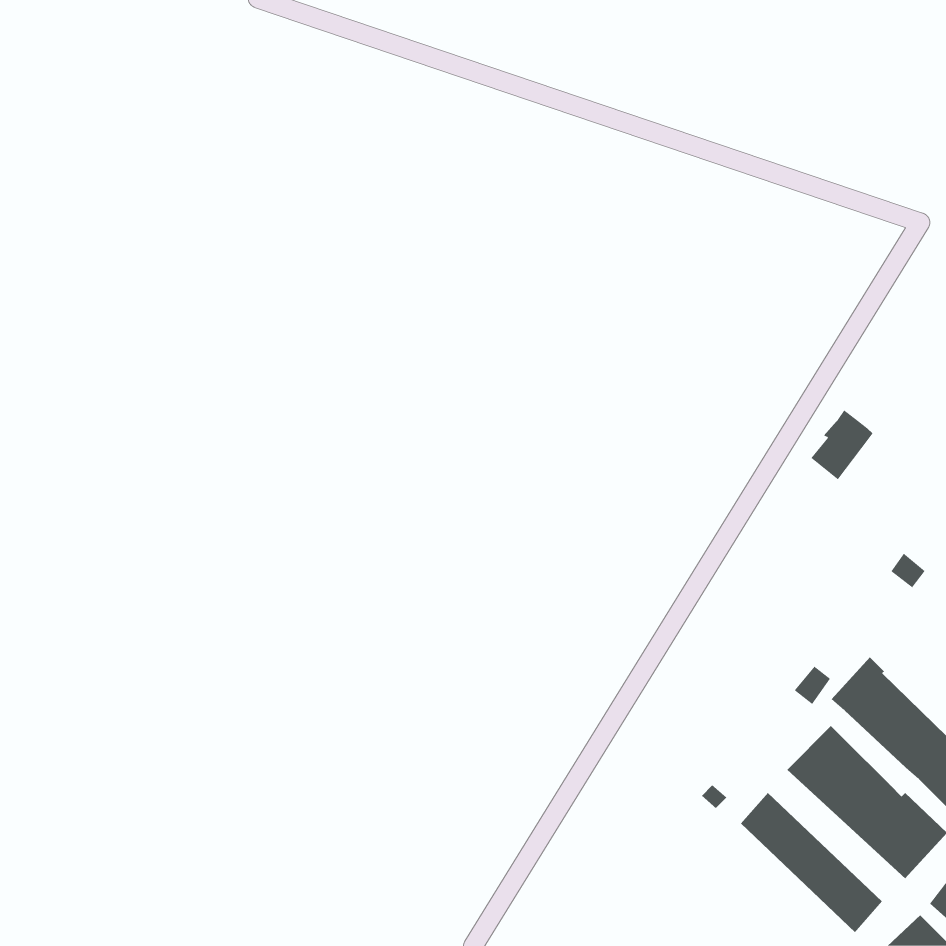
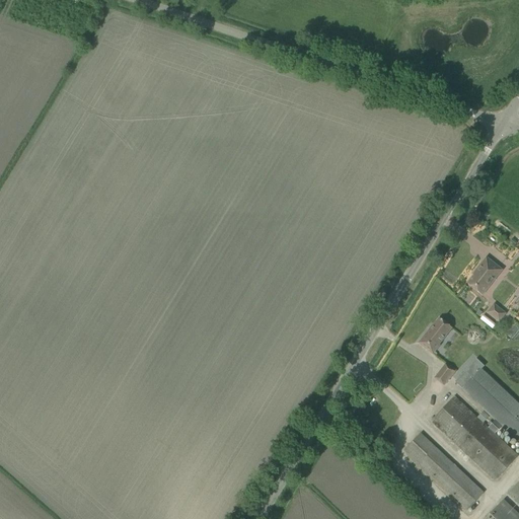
building: [810,410,873,480] -> [468,256,503,295]
building: none -> [420,317,452,354]

